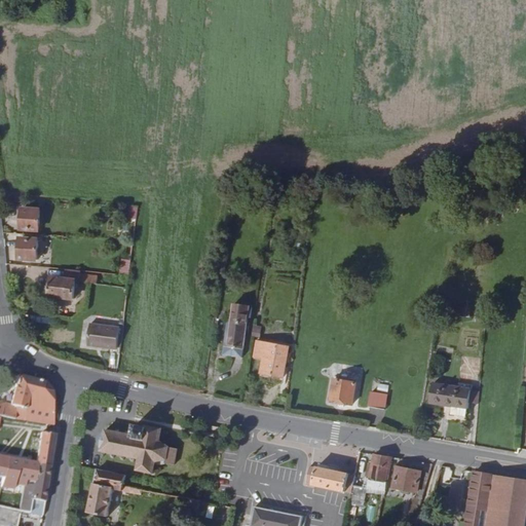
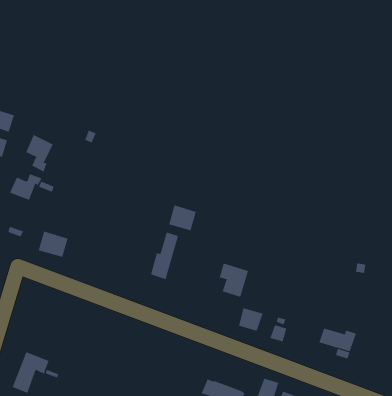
building: none -> [25,134,53,172]
building: none -> [168,204,197,231]
building: [257,341,290,377] -> [219,263,249,297]
building: [100,424,176,474] -> none

